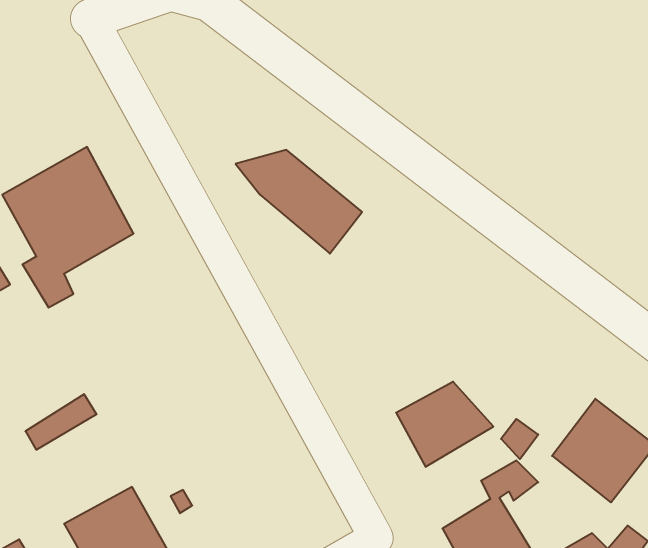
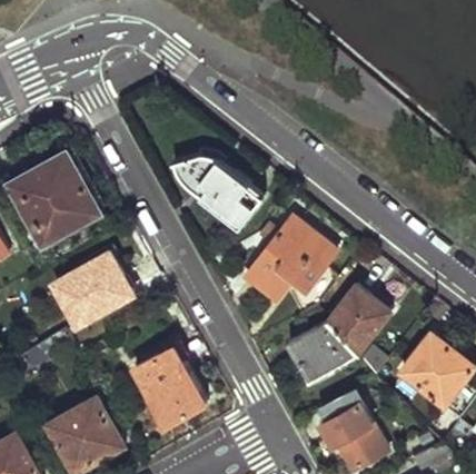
building: none -> [246,217,334,302]
building: none -> [63,250,142,327]
building: none -> [327,284,389,353]
building: none -> [132,345,206,425]

